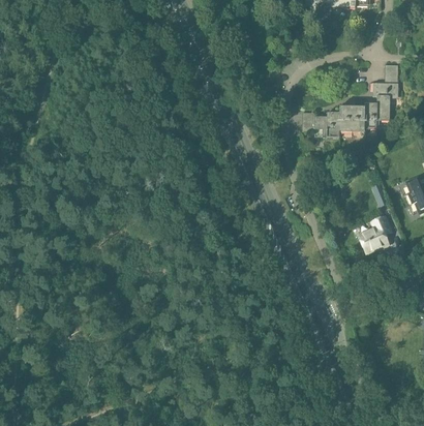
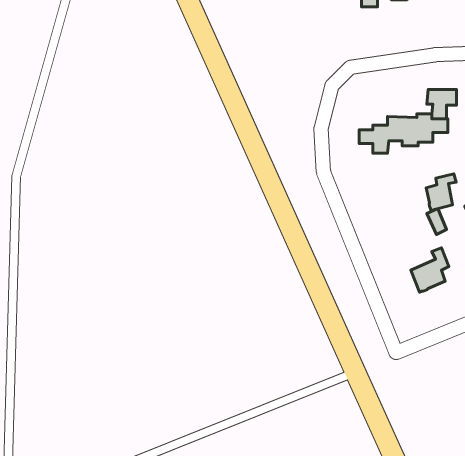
building: none -> [426,174,456,210]

